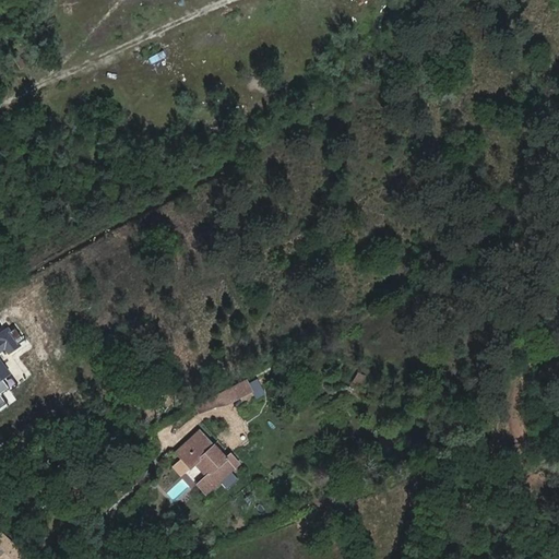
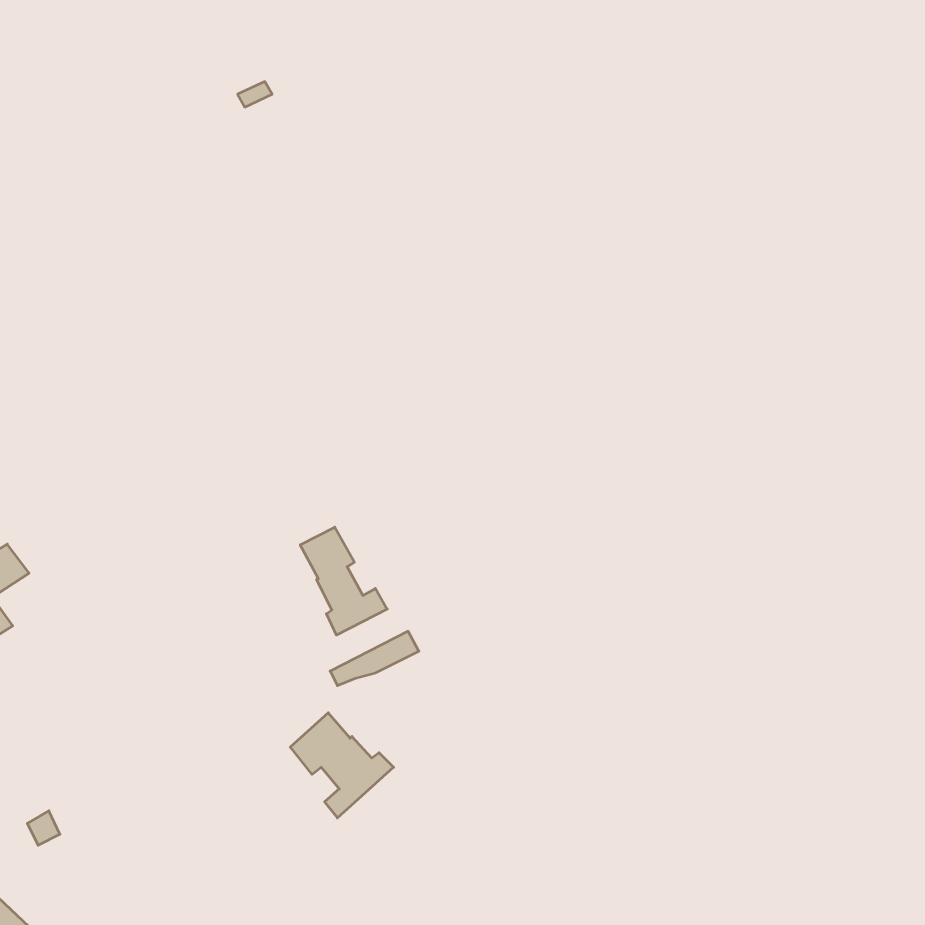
building: none -> [300,527,387,635]

